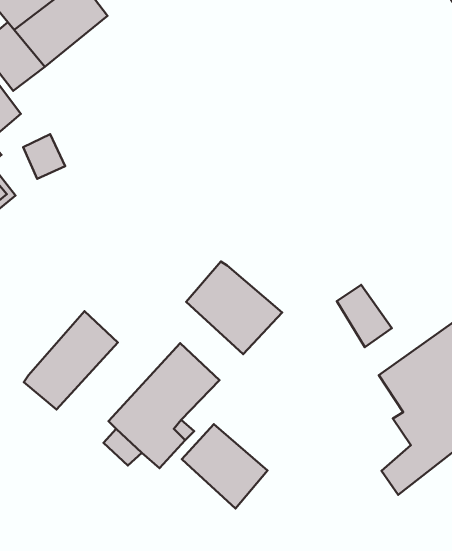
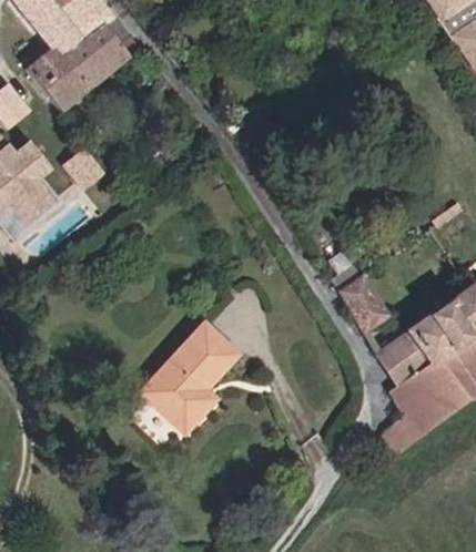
building: [186,262,282,354] -> none
building: [24,311,118,409] -> none
building: [182,424,268,508] -> none

